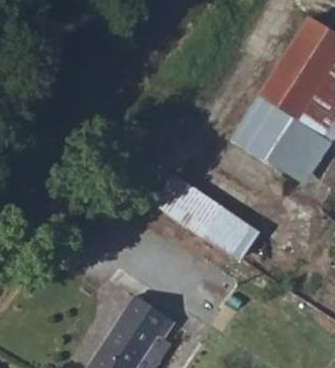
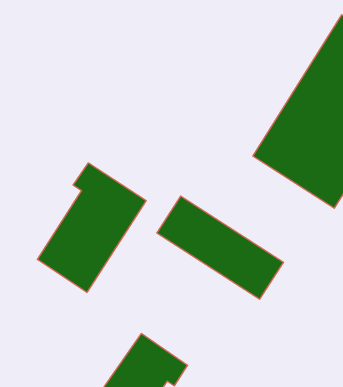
building: none -> [37,163,146,292]

